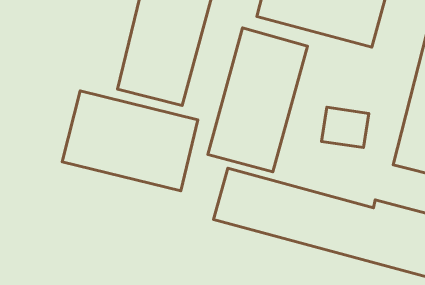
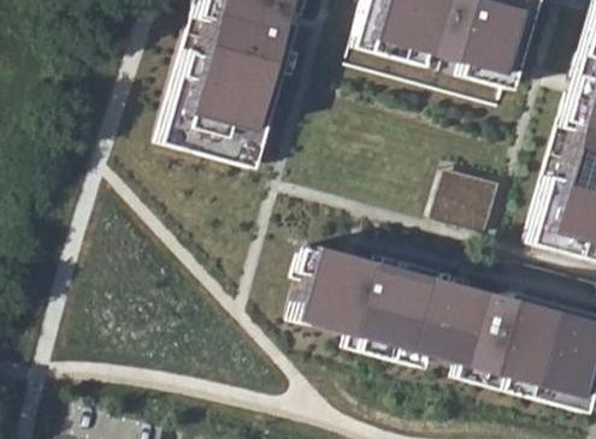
building: [208,28,307,172] -> none
building: [62,91,198,191] -> none

